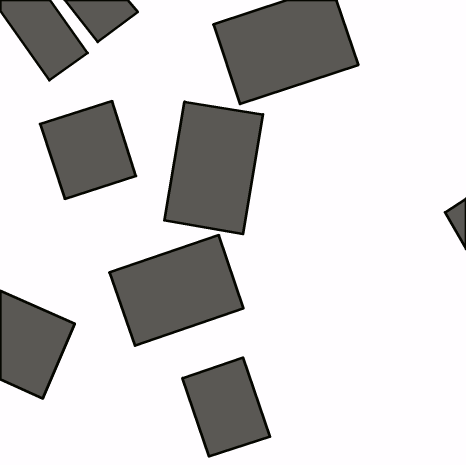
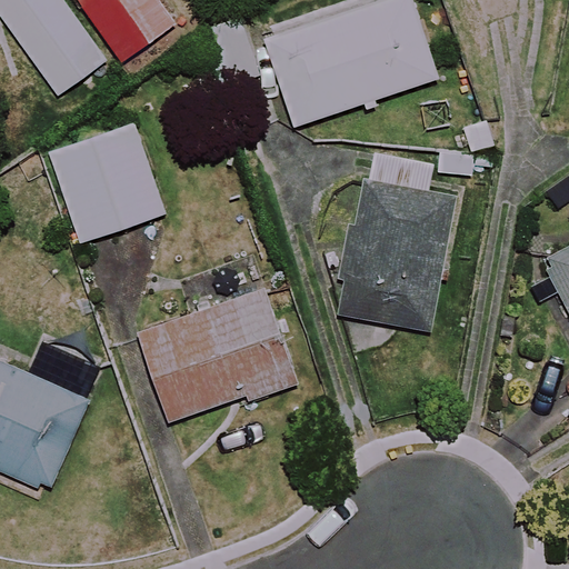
building: [164,102,263,234] -> none
building: none -> [337,151,452,330]
building: [183,358,270,456] -> none

